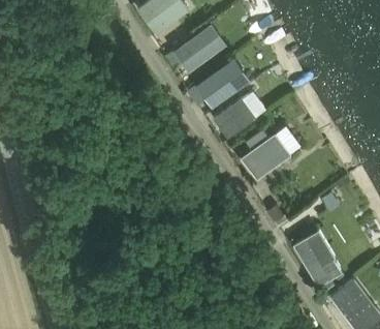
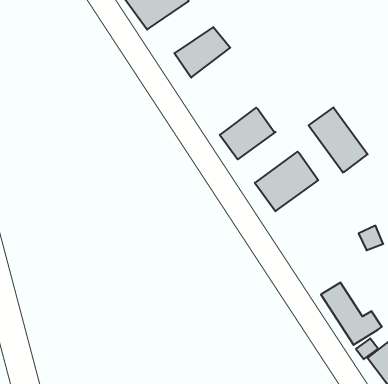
building: [195,63,245,109] -> none
building: none -> [309,107,368,173]

